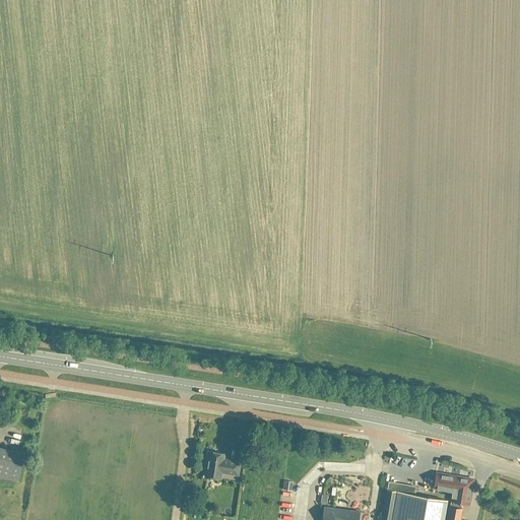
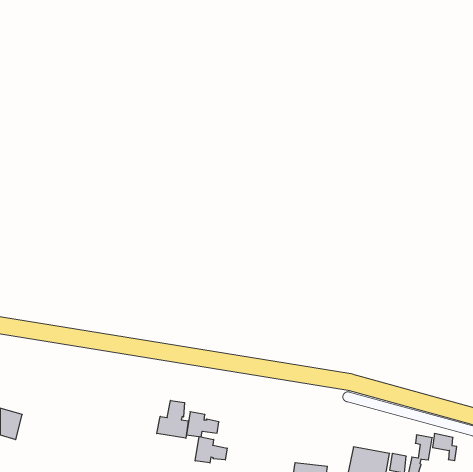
building: none -> [157,400,188,438]
building: [435,474,461,504] -> [433,434,457,461]
building: none -> [195,437,227,463]

